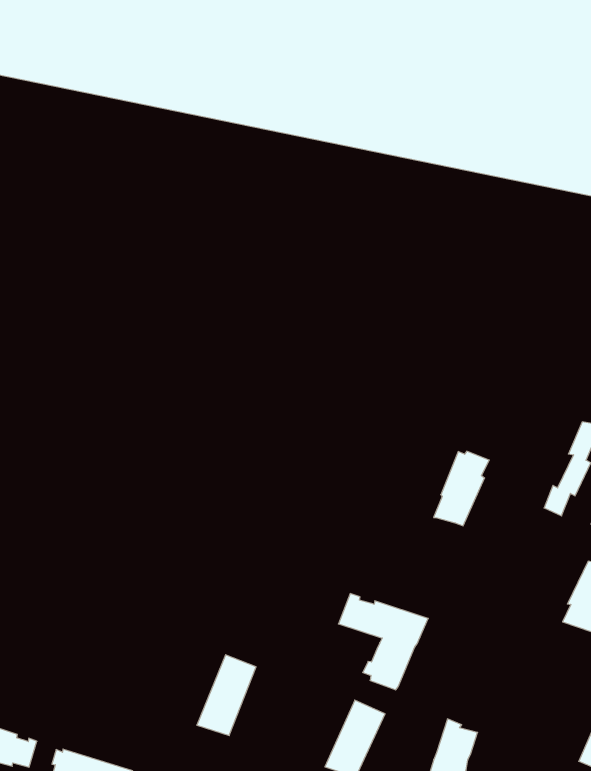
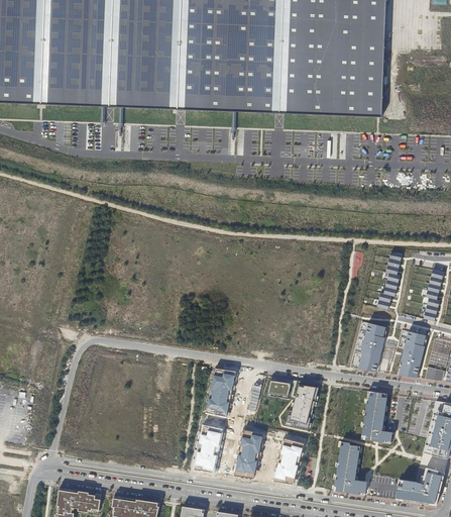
building: [434,451,489,526] -> [359,322,386,367]
building: none -> [206,367,236,415]
building: none -> [361,389,392,441]
building: none -> [234,428,263,477]

